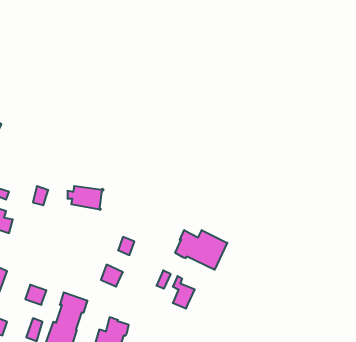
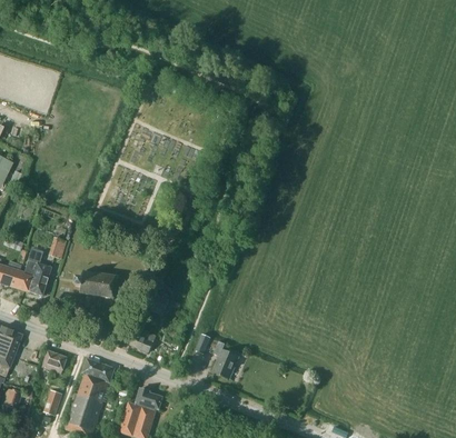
building: [67,186,104,210] -> [76,271,118,299]
building: none -> [23,253,50,296]
building: [175,230,227,270] -> none

